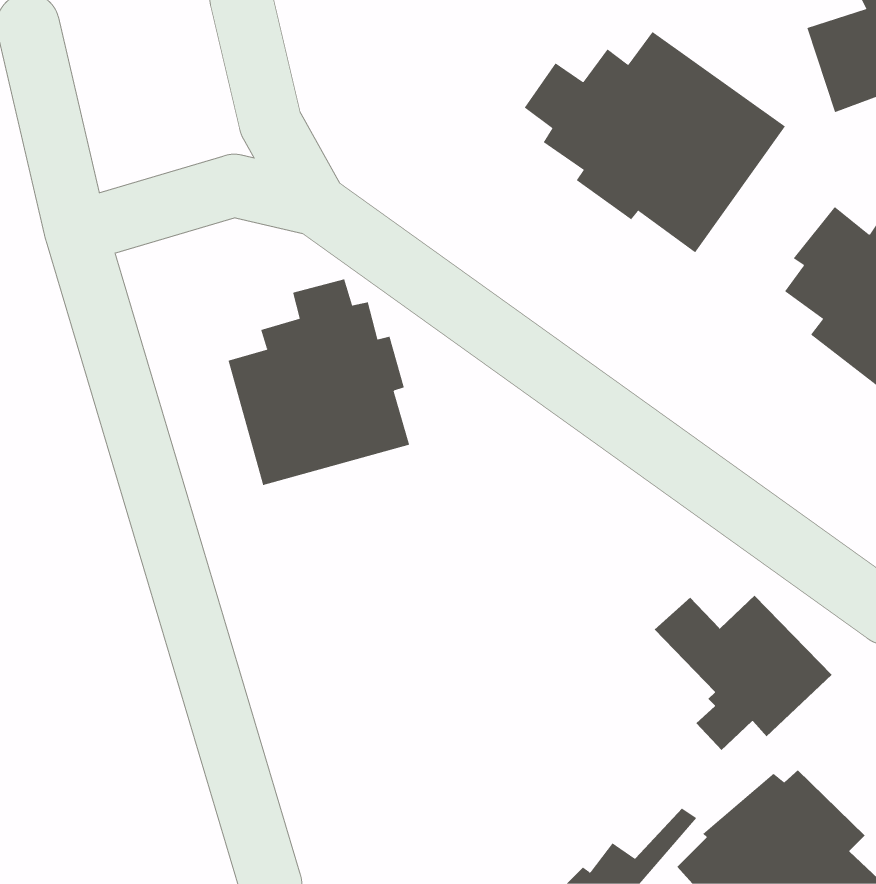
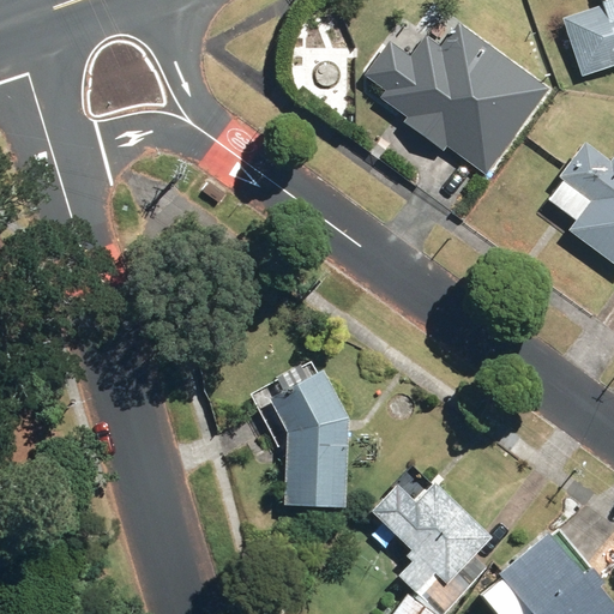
building: [228,279,410,486] -> none
building: none -> [252,359,348,510]
building: [654,595,832,751] -> [367,486,490,594]

